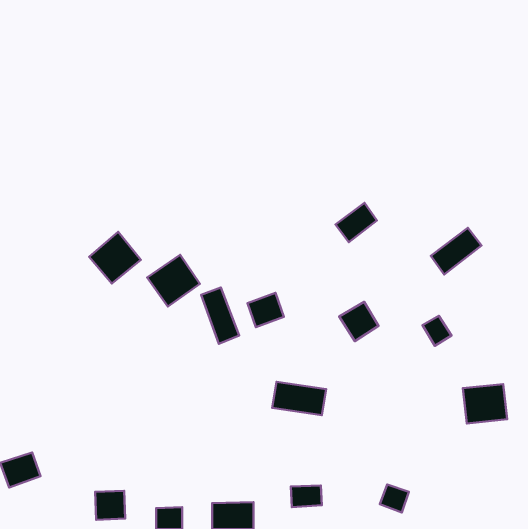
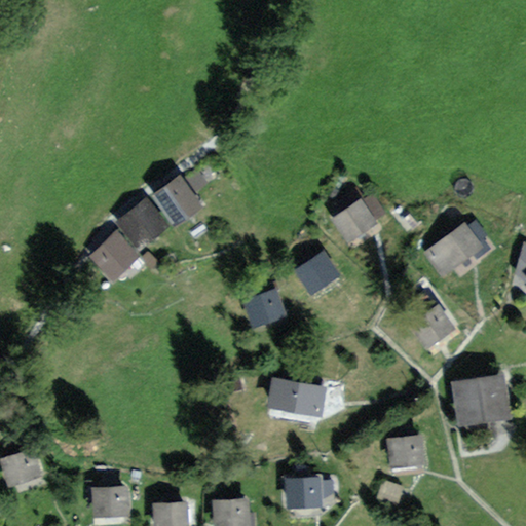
building: none -> [152,175,201,224]
building: [147,255,200,307] -> [115,197,167,249]
building: [201,287,239,344] -> none
building: [339,302,379,341] -> [297,253,336,292]
building: none -> [389,439,422,468]

